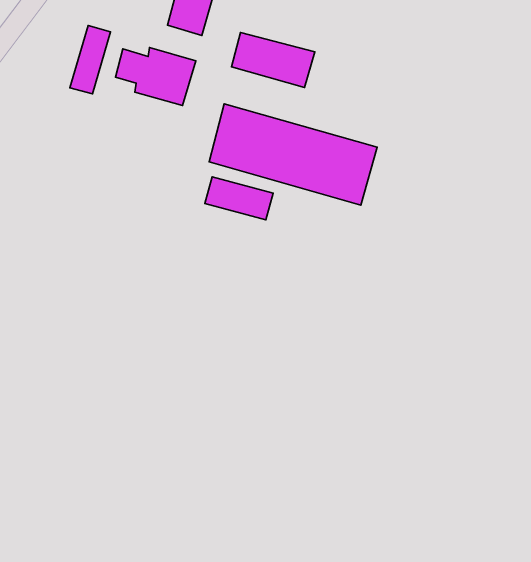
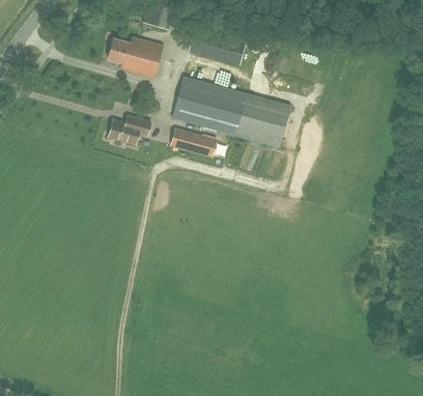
building: [70,25,110,94] -> none
building: none -> [108,115,149,144]

